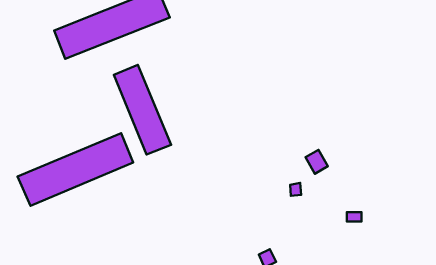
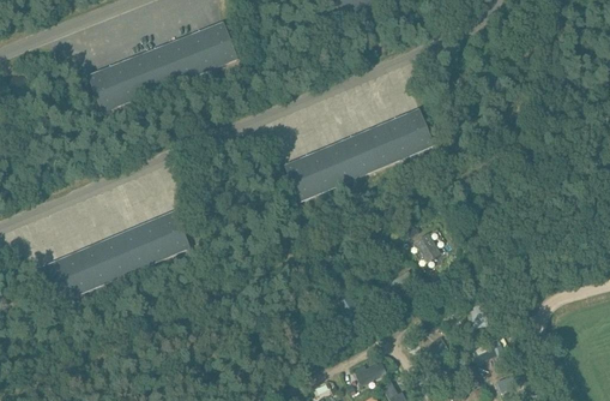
building: none -> [283,108,434,203]
building: [114,65,171,154] -> none

